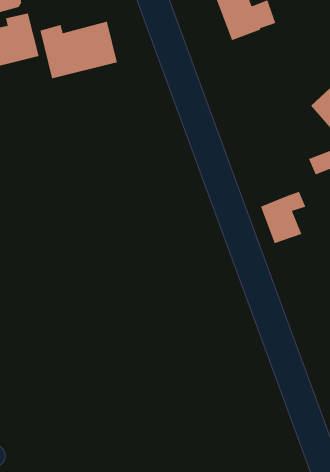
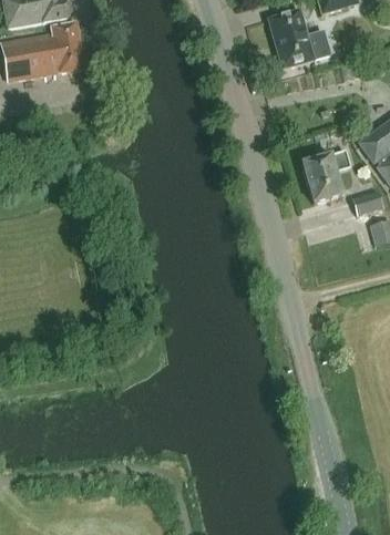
building: [40,21,117,79] -> none
building: [260,191,306,244] -> [302,152,350,204]

